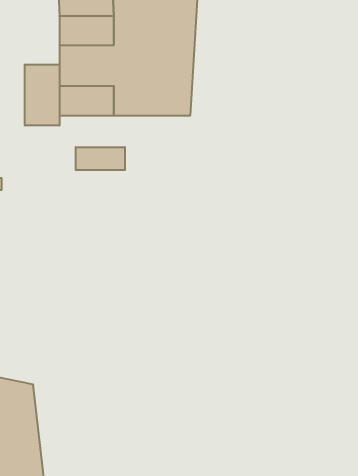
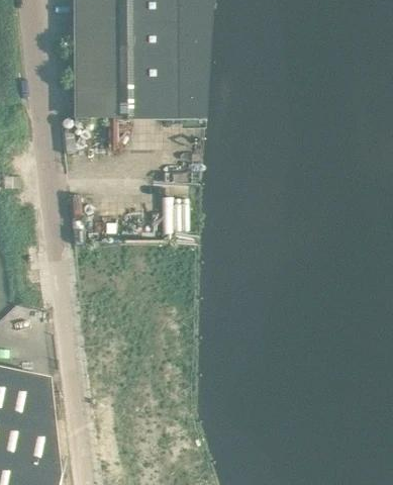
building: [25,64,59,126] -> none
building: [76,147,125,170] -> none

